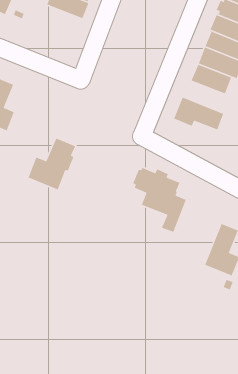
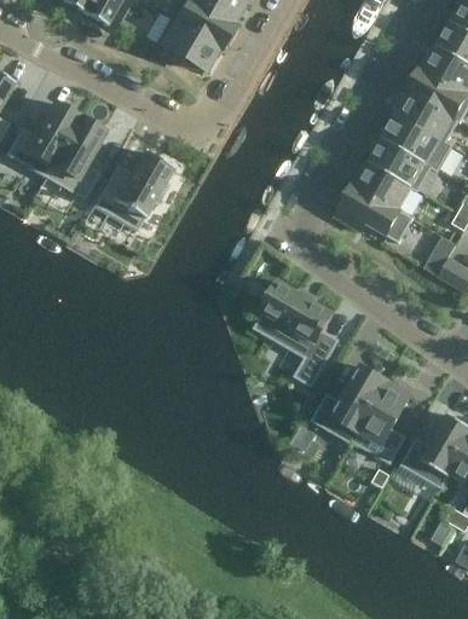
building: none -> [155,18,220,70]
building: none -> [353,162,418,218]
building: [27,137,76,190] -> [93,150,173,230]
building: none -> [311,365,386,440]

